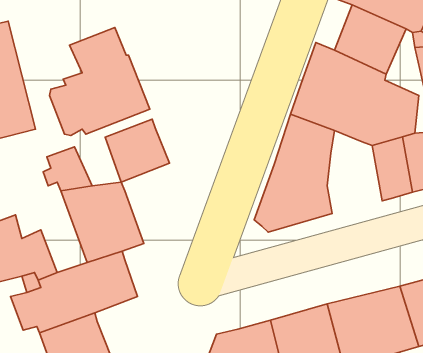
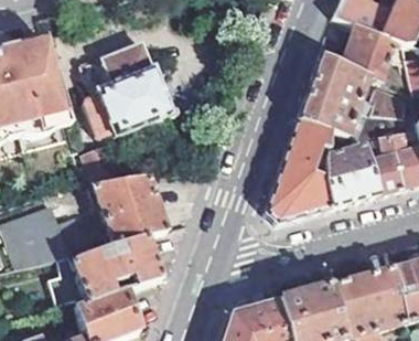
building: [105,119,170,182] -> none
building: none -> [329,140,377,203]

